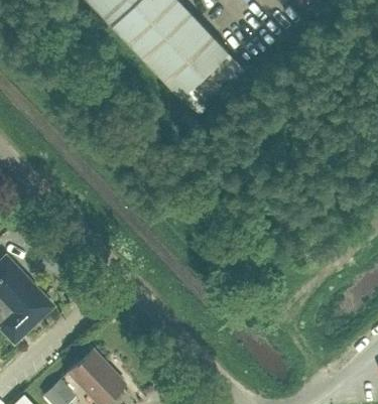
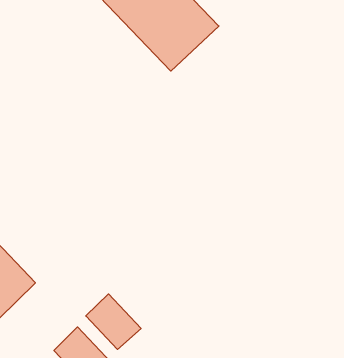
building: none -> [86,294,141,349]

